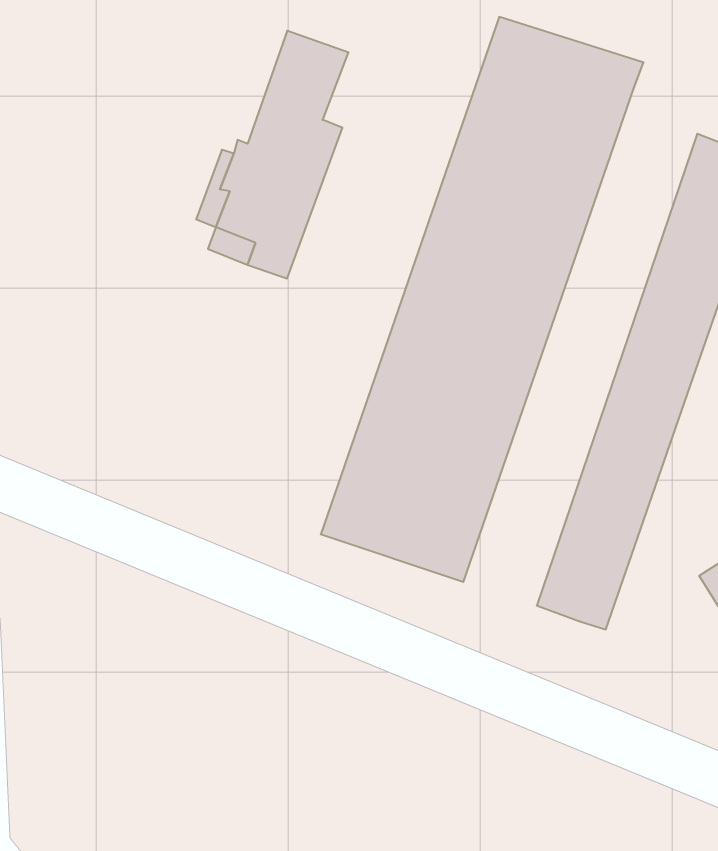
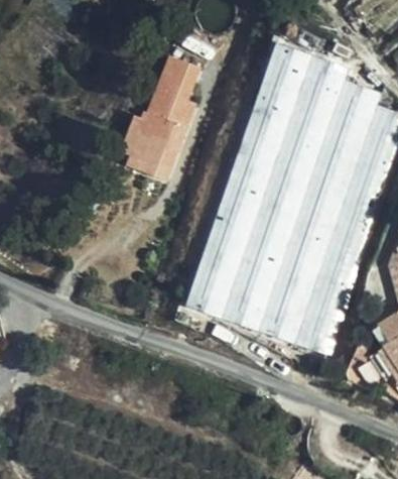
building: none -> [256,80,380,343]

